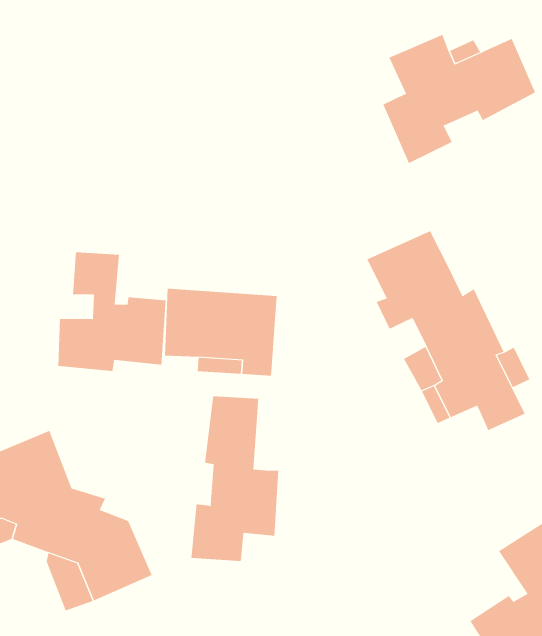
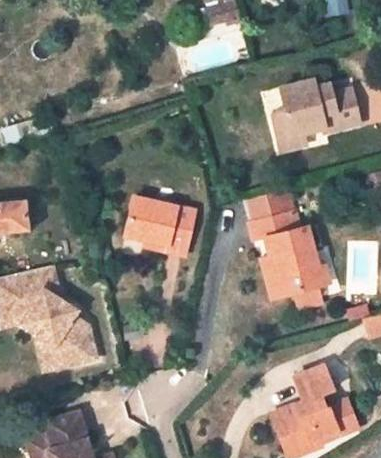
building: [58,251,166,372] -> none
building: [191,395,279,562] -> none

